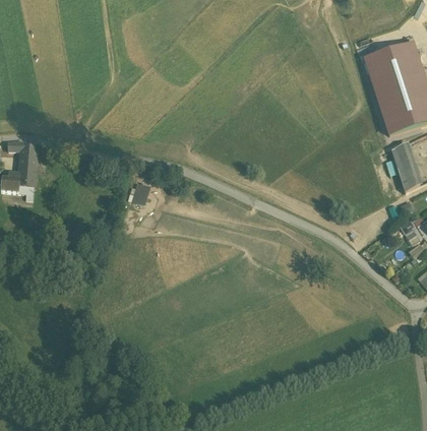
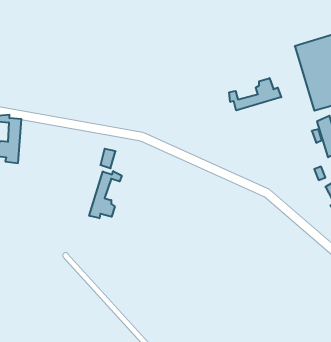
building: none -> [229,78,281,110]
building: none -> [89,171,122,218]

